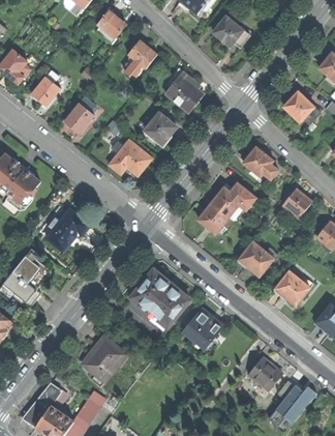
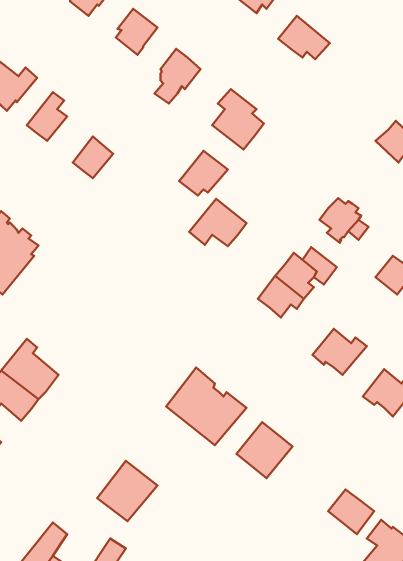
building: [110,140,151,174] -> [189,199,246,246]
building: [47,209,89,251] -> none

